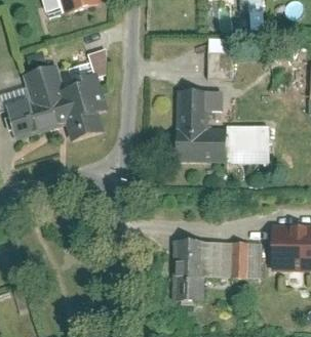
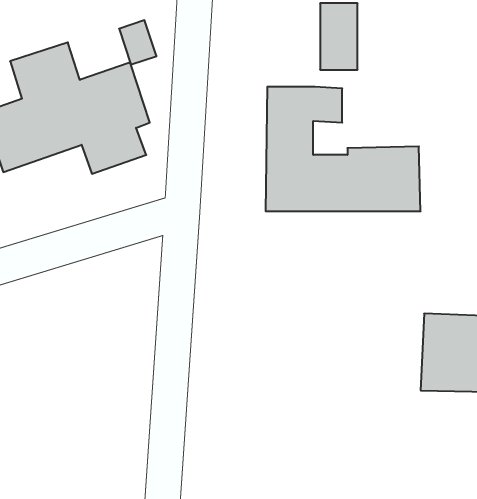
building: [171,237,259,303] -> none

